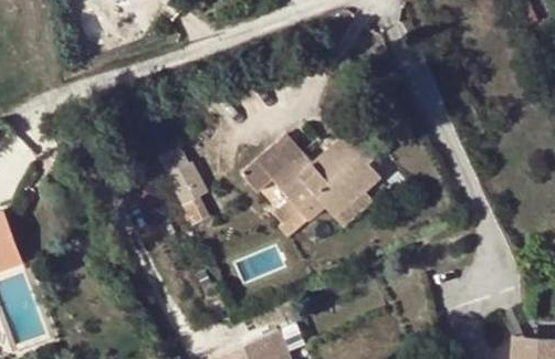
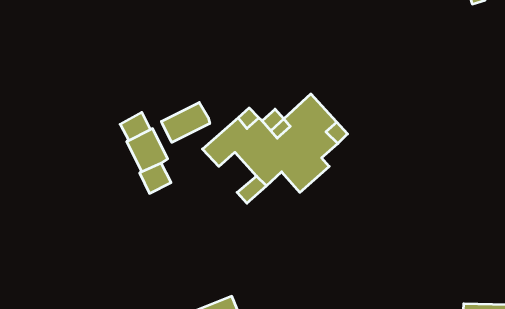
building: none -> [161,102,210,142]

